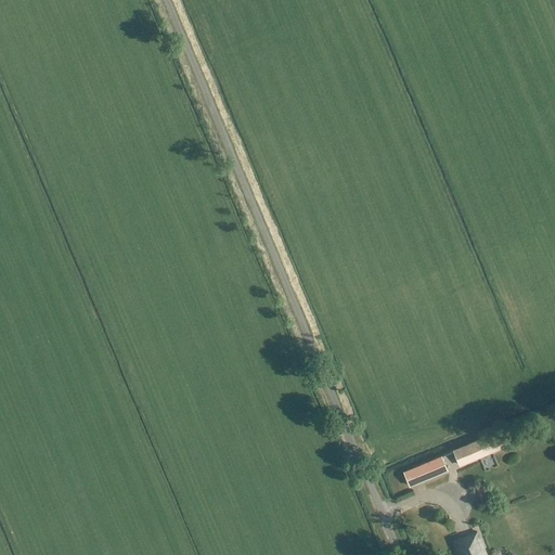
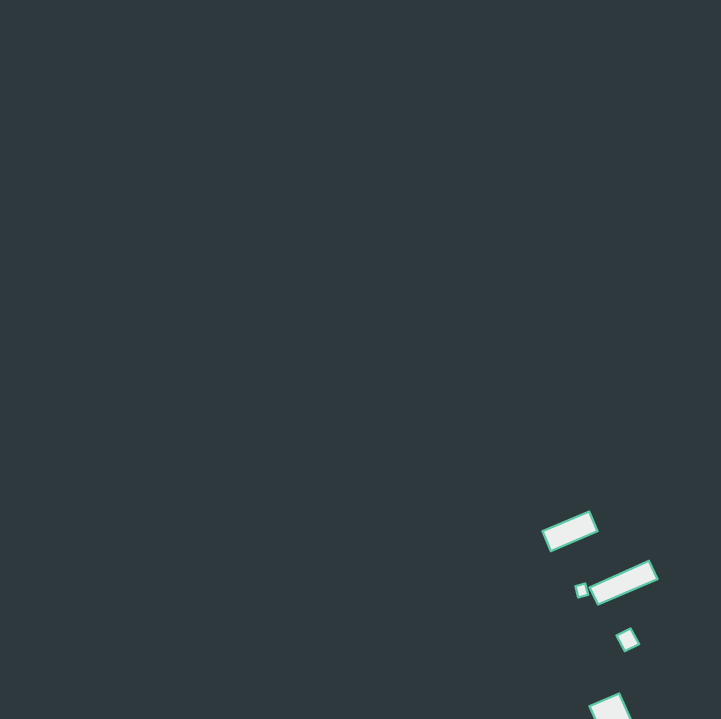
building: [403,457,446,488] -> [542,512,598,551]

